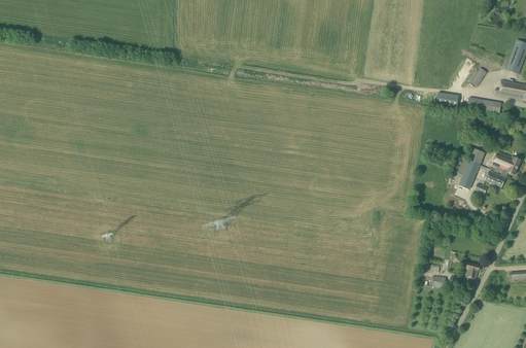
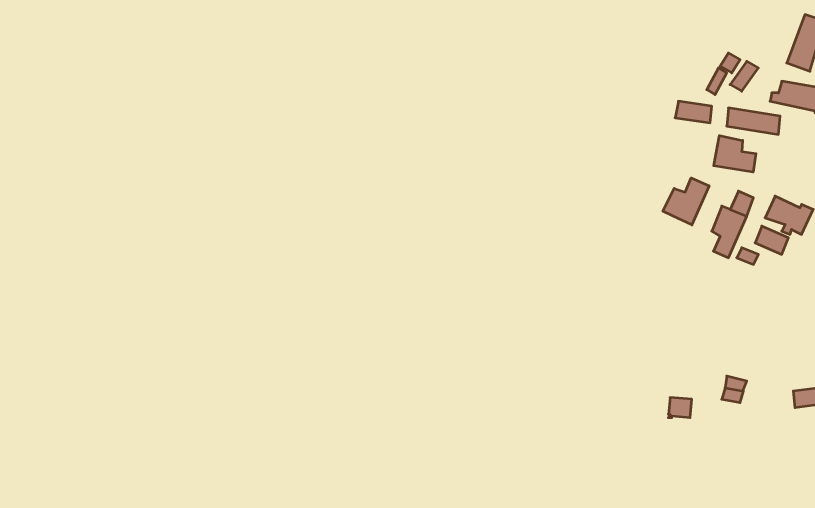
building: none -> [714,136,756,172]
building: none -> [663,178,709,225]

